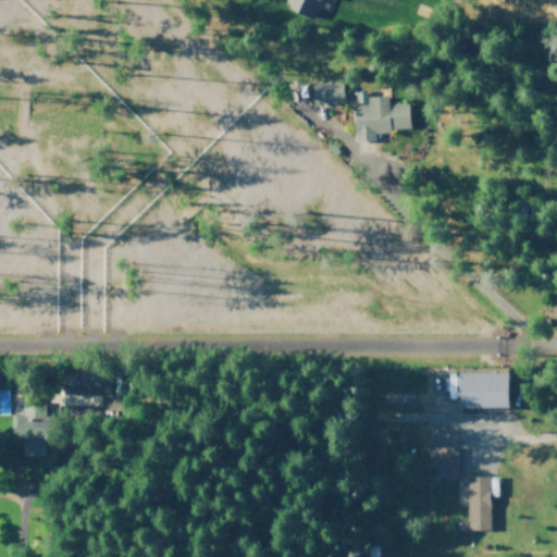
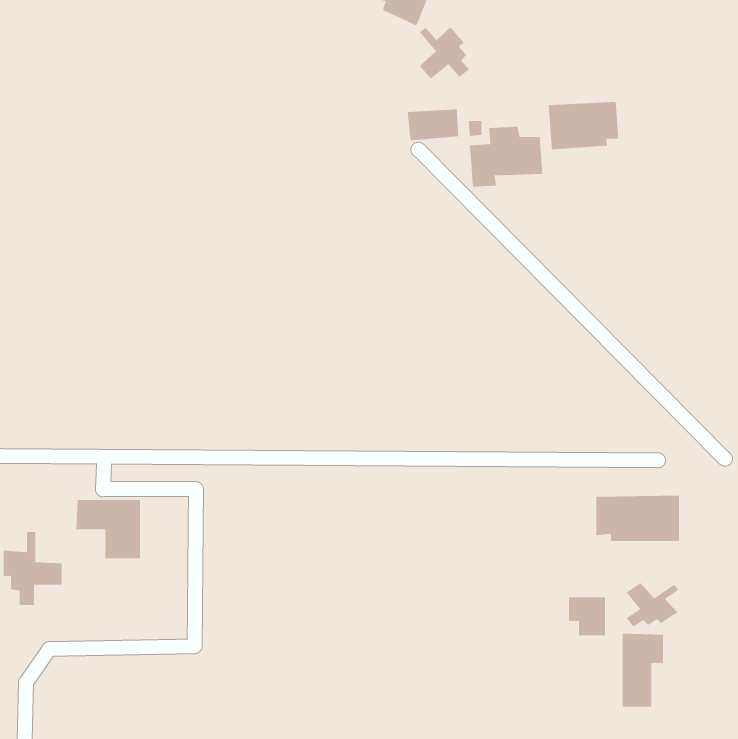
building: none -> [419,27,470,80]
building: none -> [548,101,619,150]
building: none -> [626,582,679,628]

